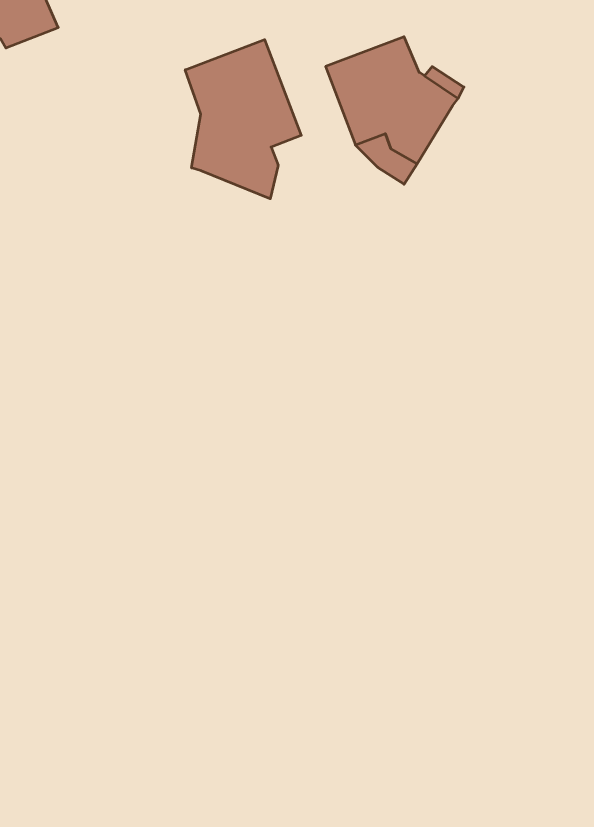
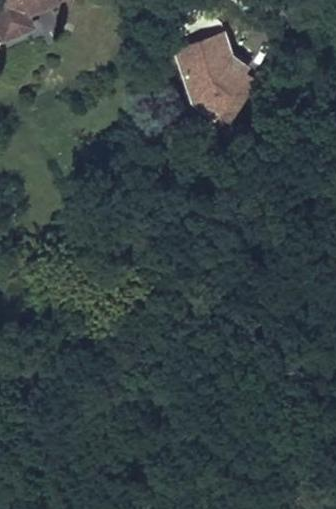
building: [185,40,301,199] -> none

